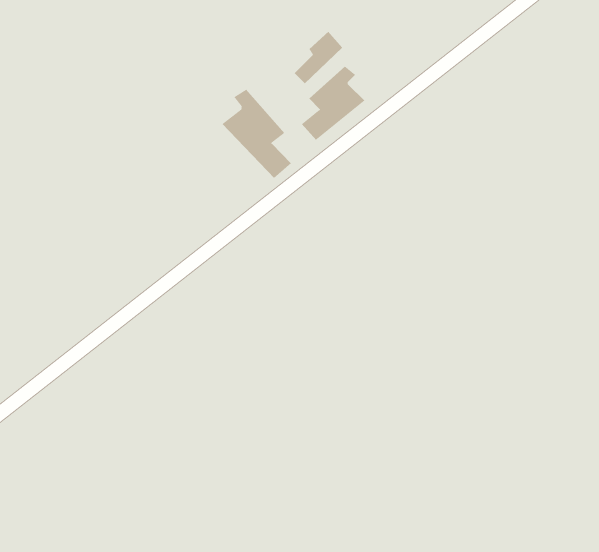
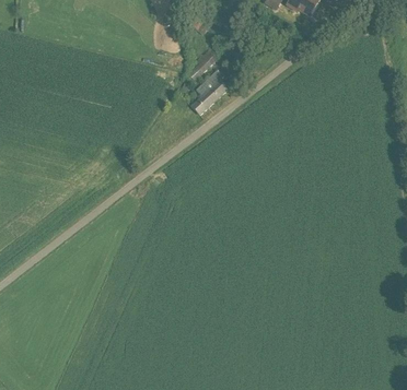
building: [222,89,292,179] -> none

